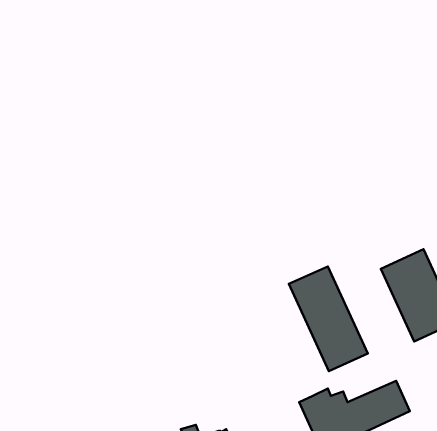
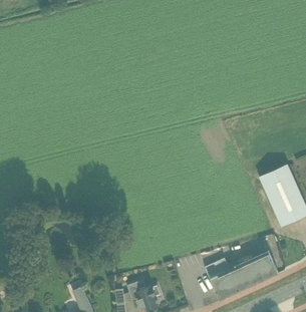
building: [289,266,368,371] -> none

